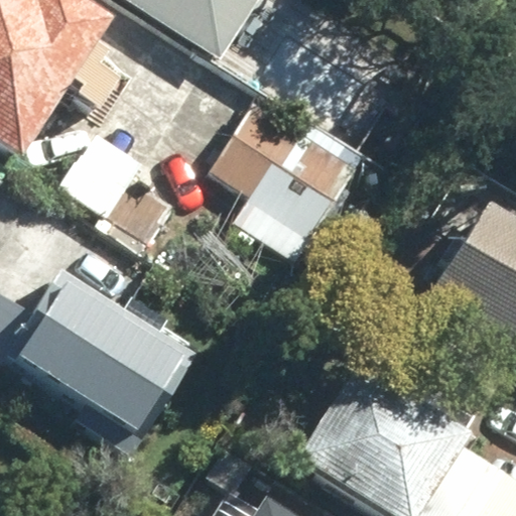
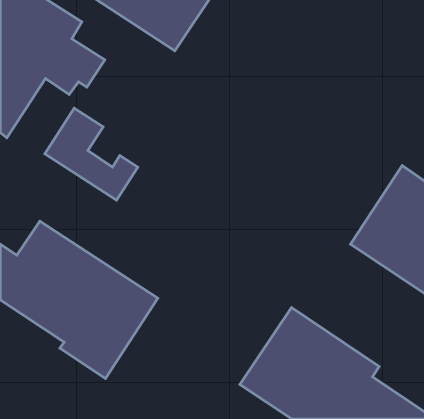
building: [209,130,340,258] -> none

